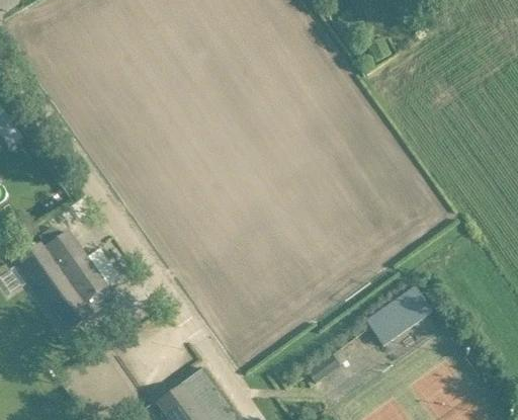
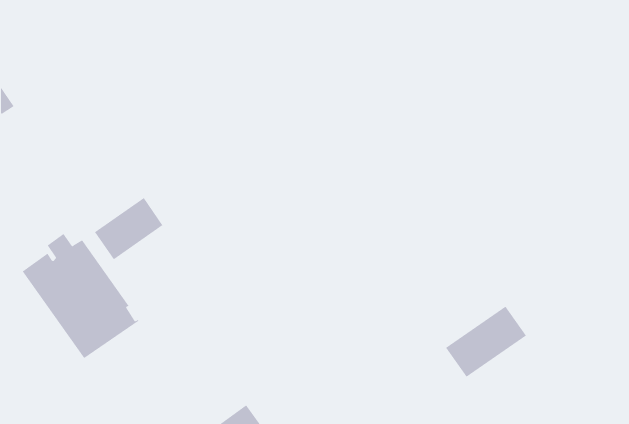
building: none -> [94,197,163,260]

